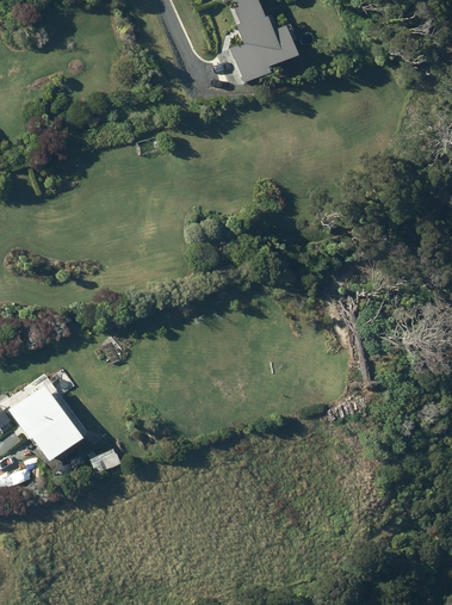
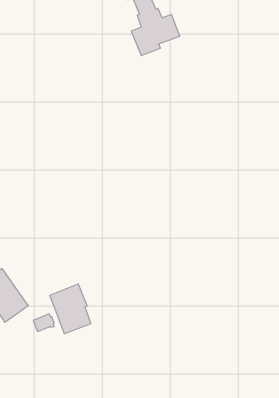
building: none -> [50,284,91,334]

